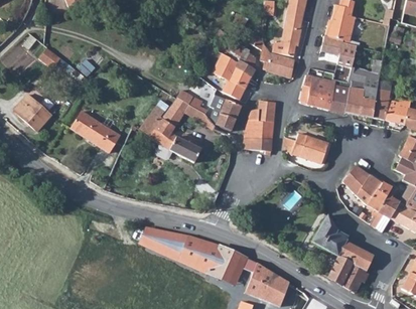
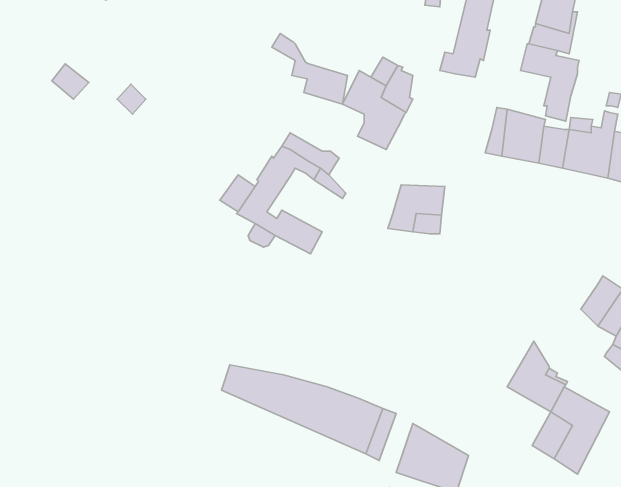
building: [247,34,292,76] -> [272,34,347,104]
building: [13,93,51,129] -> none
building: [210,95,241,130] -> none
building: [248,100,276,121] -> none
building: [71,113,119,153] -> none
building: [284,133,327,162] -> none
building: [341,164,369,194] -> none

